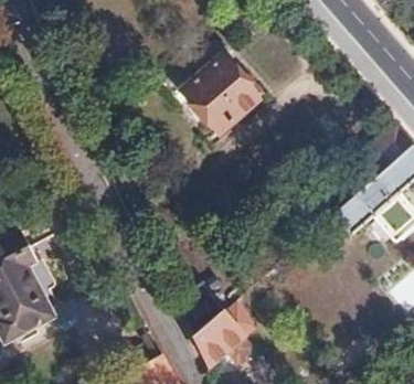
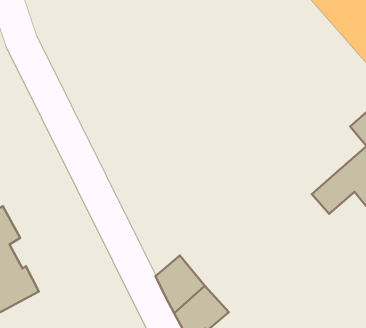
building: [181,49,256,135] -> none

